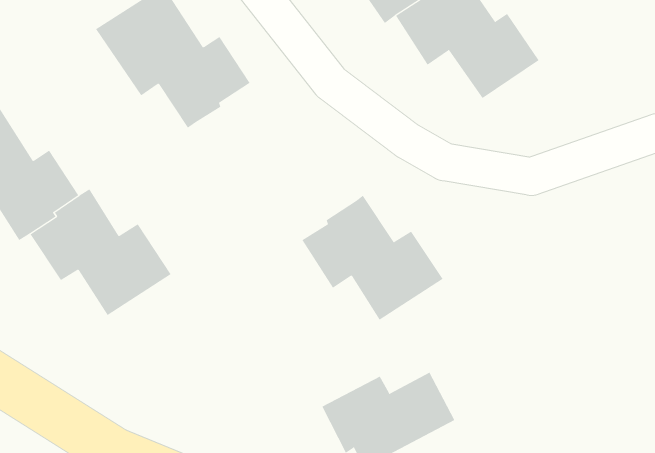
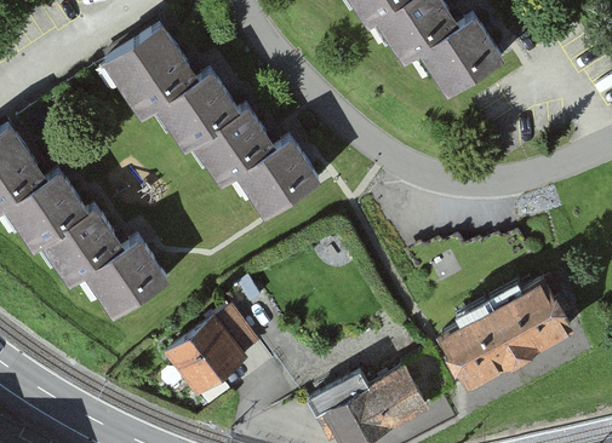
building: [302,195,444,320] -> [191,99,320,213]
building: none -> [442,276,571,385]
building: none -> [160,315,256,405]

